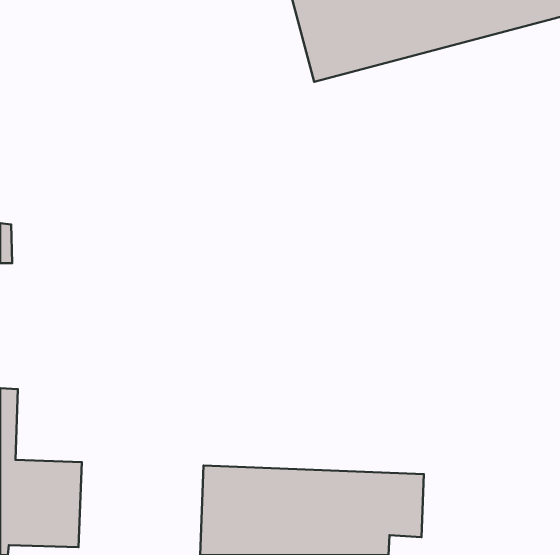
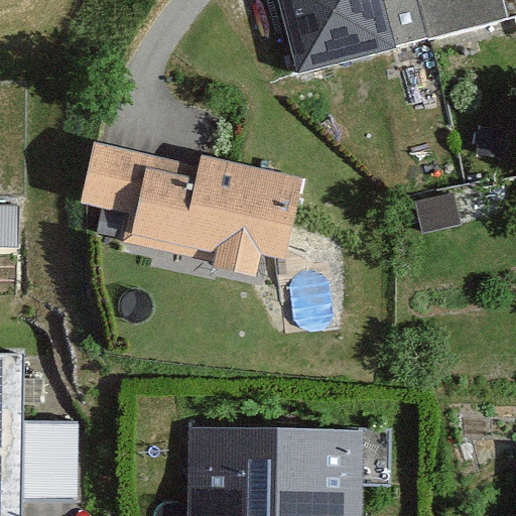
building: none -> [76,141,297,283]

